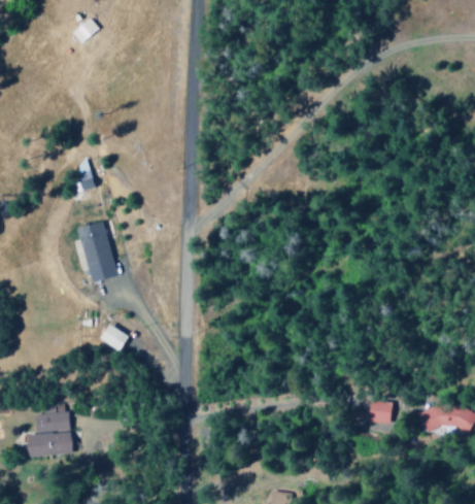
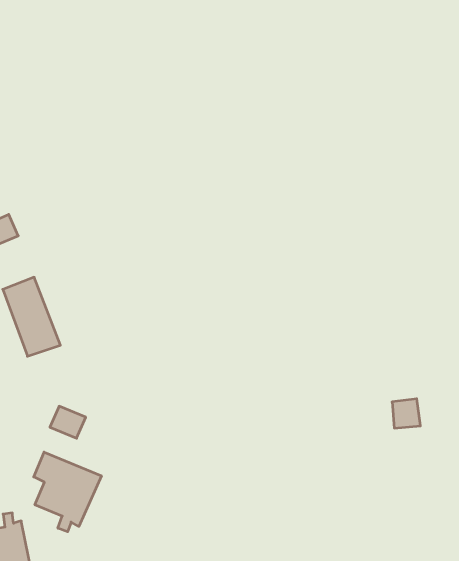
building: none -> [34,452,101,532]
building: [369,401,389,423] -> [392,399,420,428]

